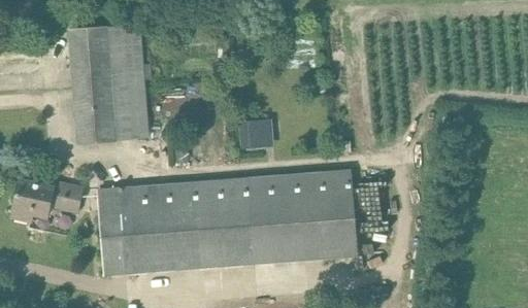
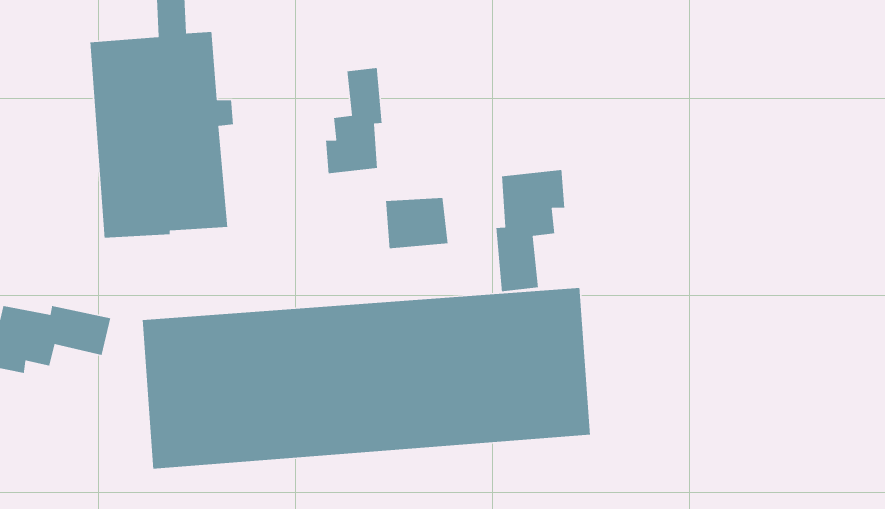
building: none -> [325,67,382,174]
building: none -> [496,169,565,292]

